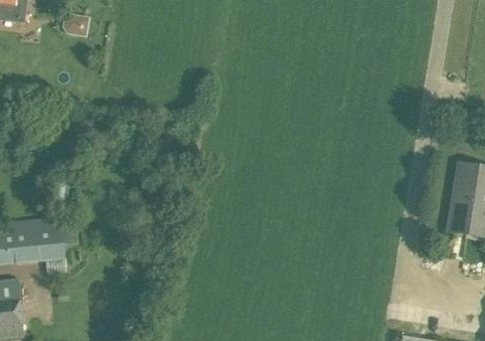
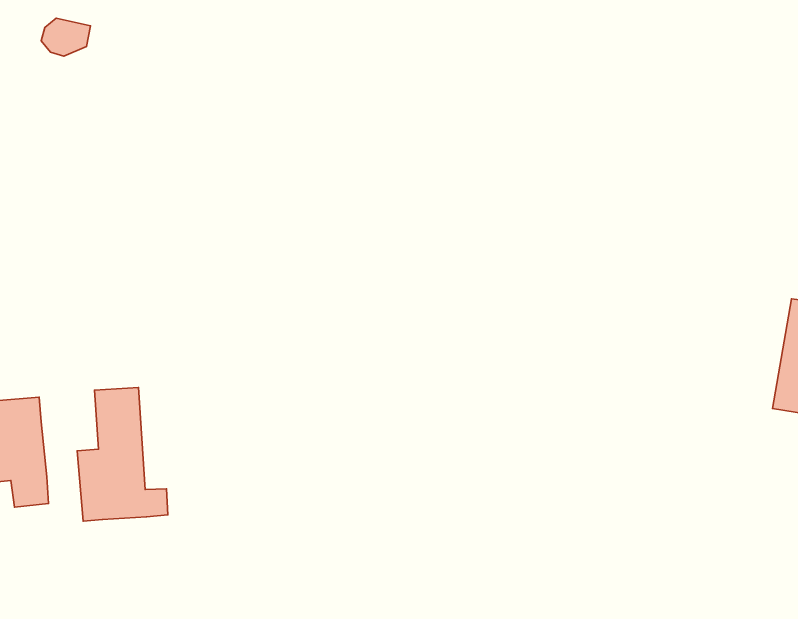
building: none -> [77,387,168,521]

